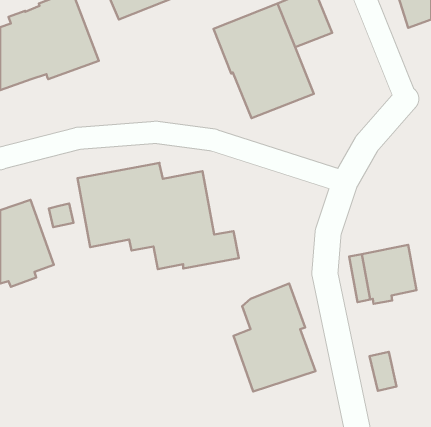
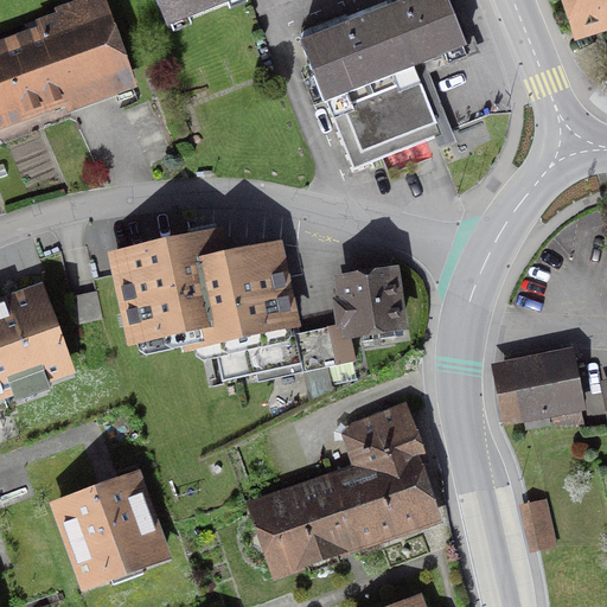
building: none -> [328,264,409,364]
building: none -> [50,471,172,590]
building: none -> [247,472,356,579]

